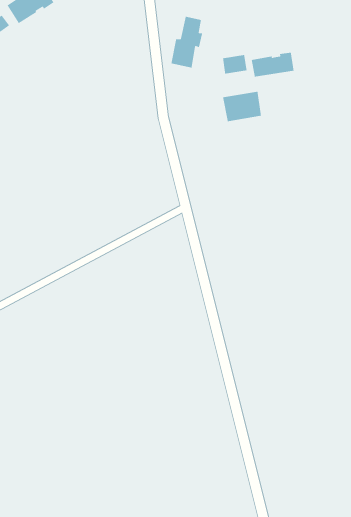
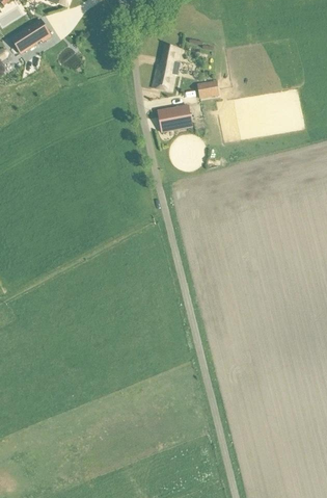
building: [251,52,294,77] -> none
building: [222,91,262,122] -> [158,104,192,131]

